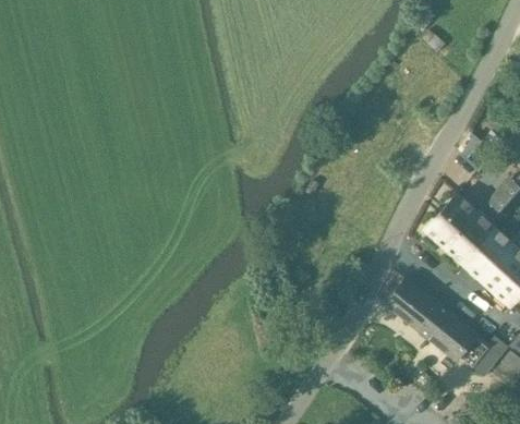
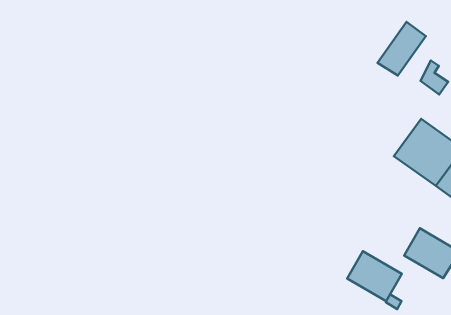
building: none -> [378,22,426,76]
building: [388,281,445,336] -> [347,251,402,301]

